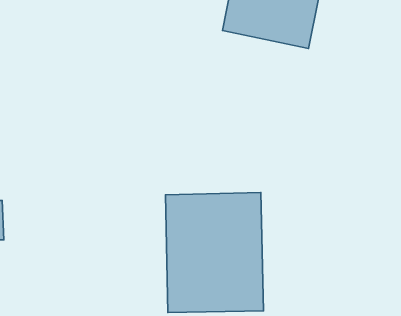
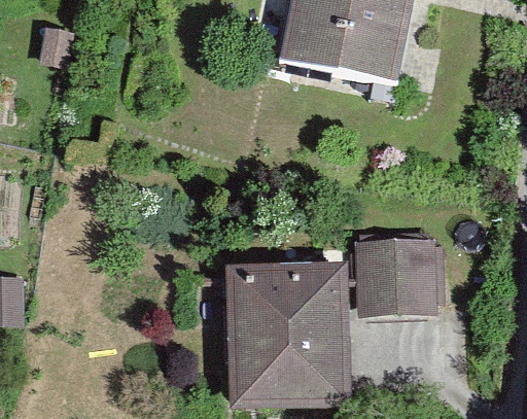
building: none -> [351,233,434,313]

